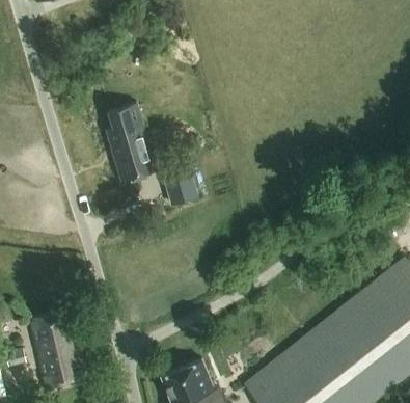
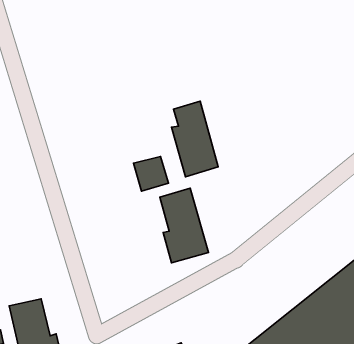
building: [106,101,155,180] -> [171,101,218,177]
building: none -> [160,188,208,263]

